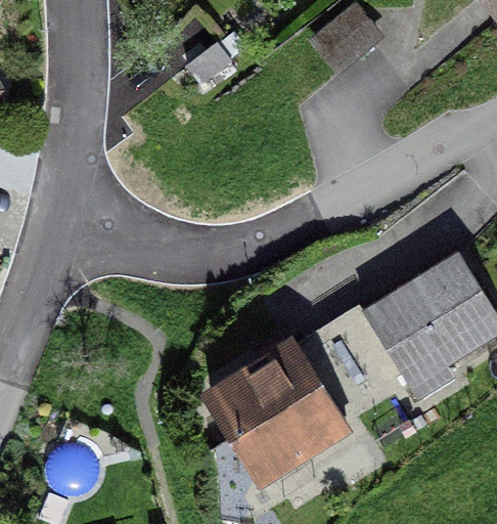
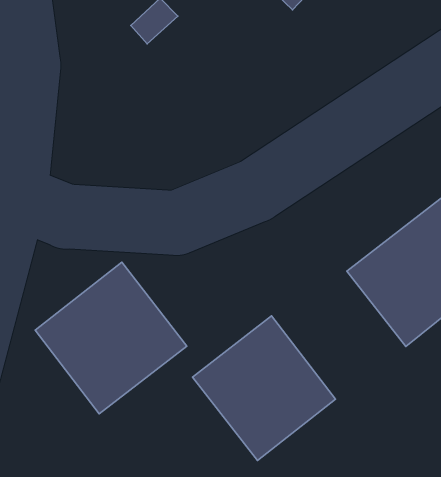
building: none -> [35,262,187,414]

